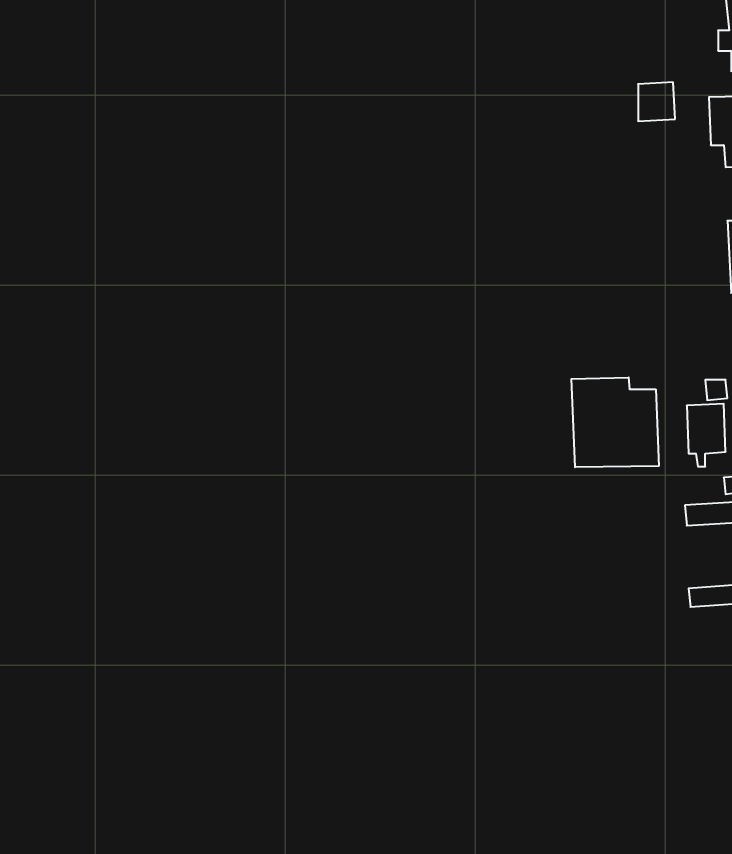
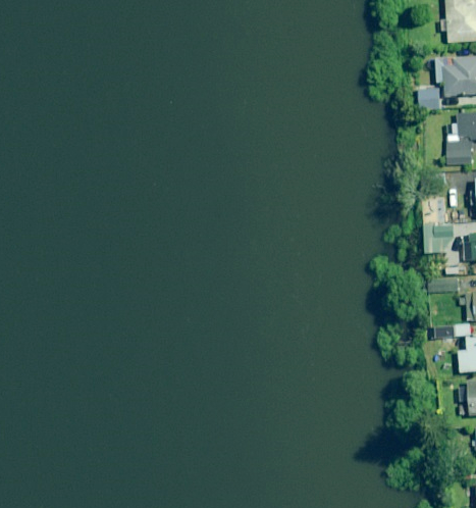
building: [638,82,675,121] -> [418,89,438,110]
building: [571,377,659,467] -> none

